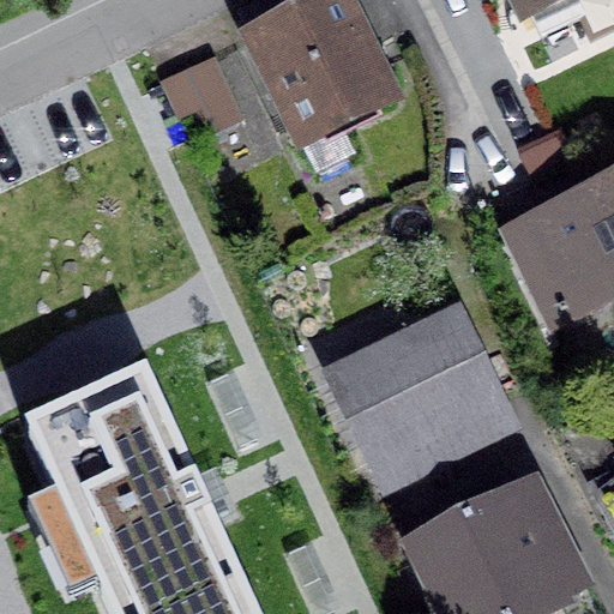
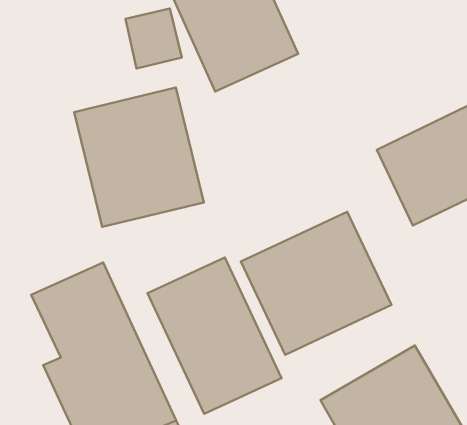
building: none -> [74,88,204,227]
building: none -> [147,258,281,414]

